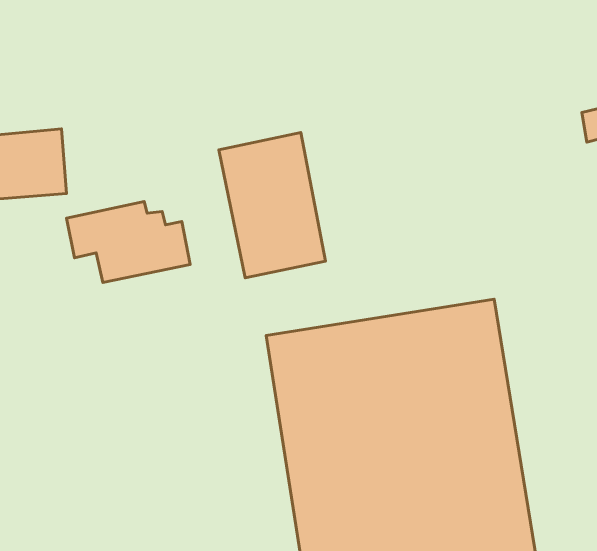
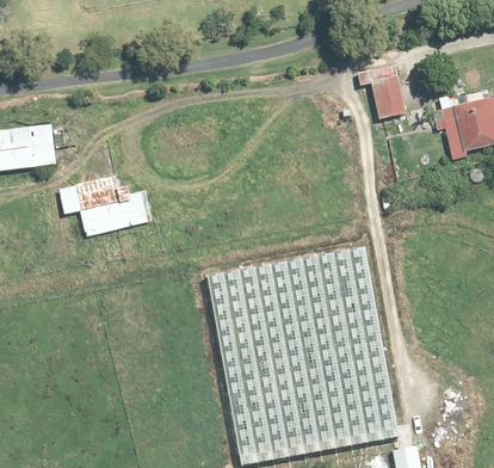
building: none -> [357,67,406,122]
building: [219,133,325,278] -> none

